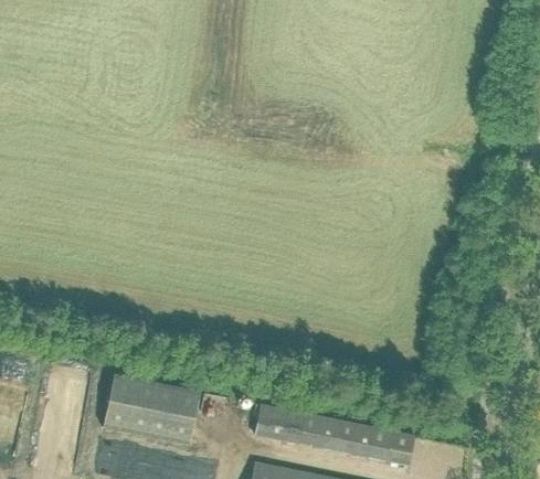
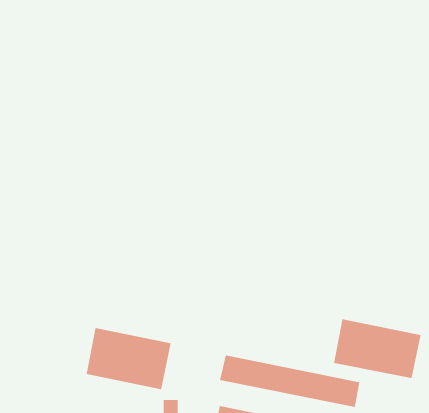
building: none -> [334,319,421,379]

